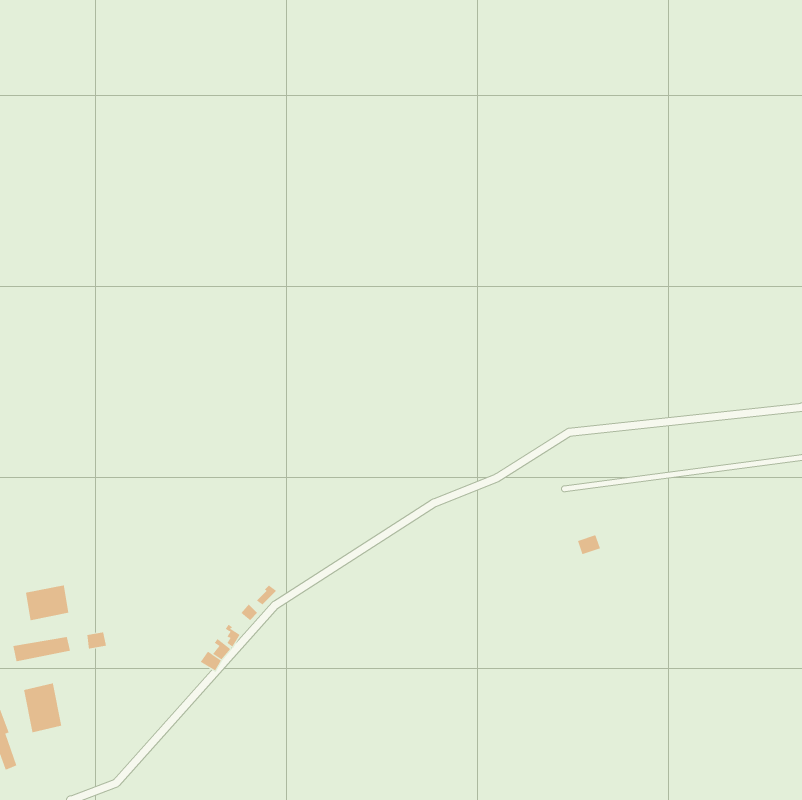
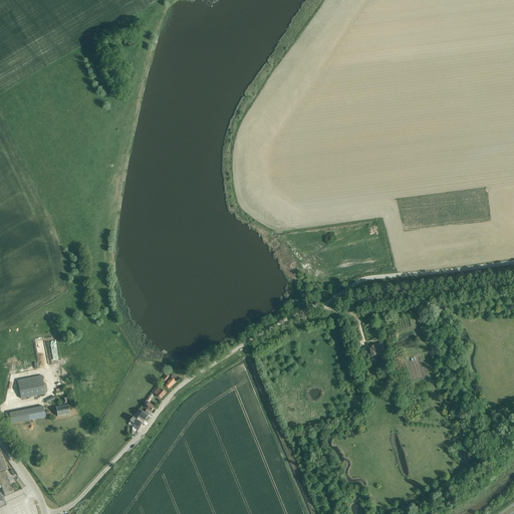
building: [24,683,62,733] -> none

